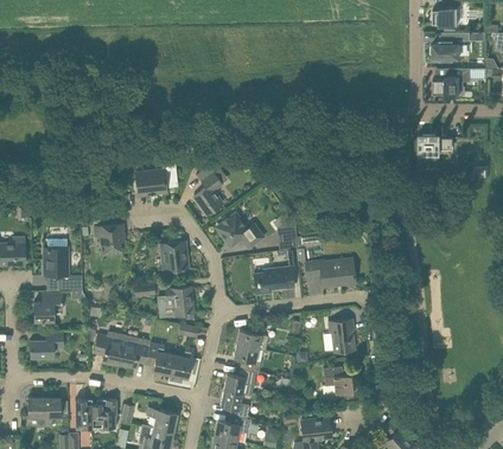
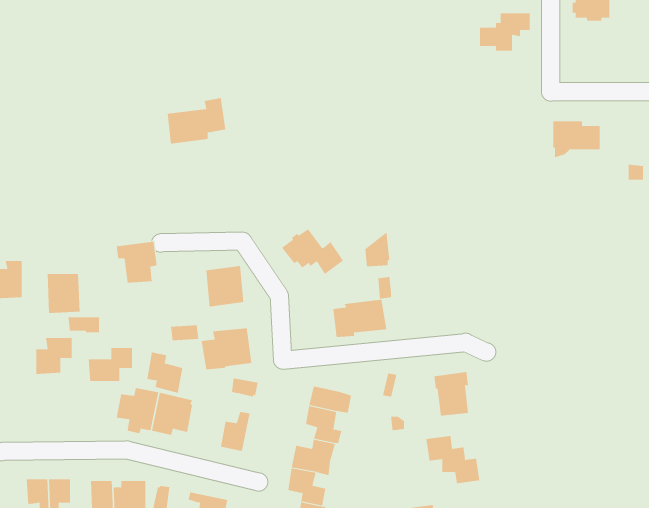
building: [433,69,471,97] -> [479,13,530,51]
building: [135,161,179,195] -> [167,97,226,144]
building: [193,172,223,214] -> none
building: [305,259,355,287] -> none
building: [30,332,63,357] -> [88,348,133,381]
building: [147,344,174,374] -> [146,352,183,394]

